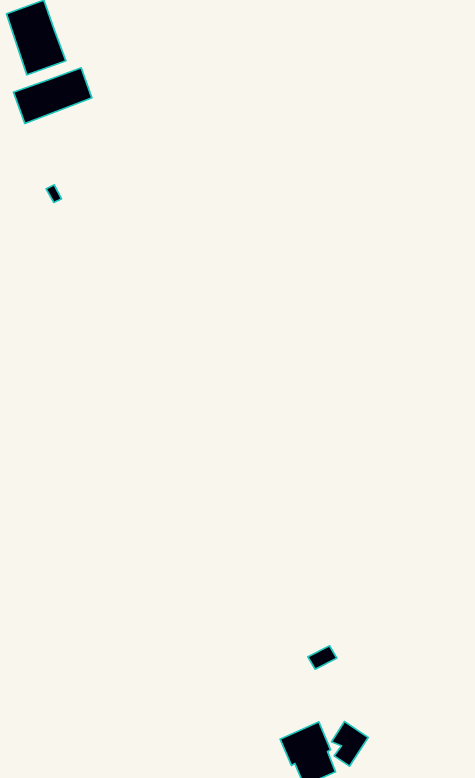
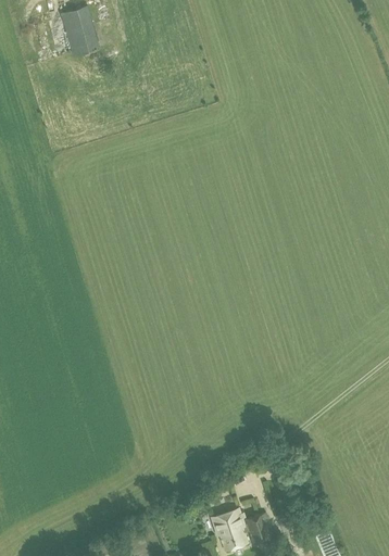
building: [13,68,92,123] -> none

